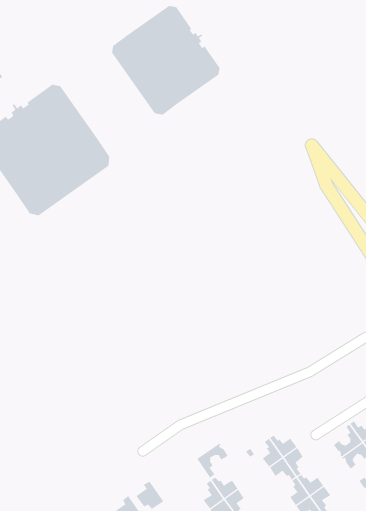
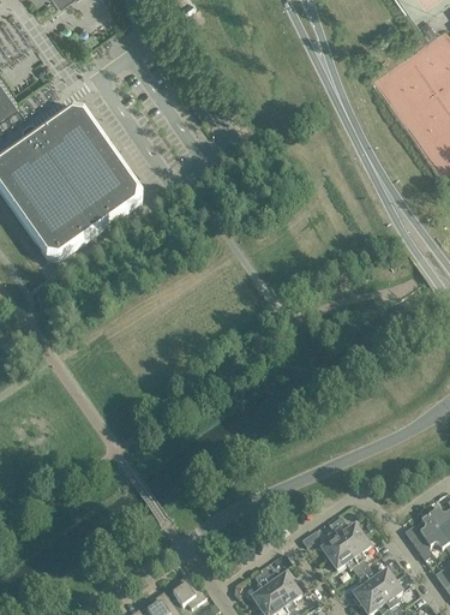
building: [111,5,220,115] -> none
building: [197,443,229,478] -> none

